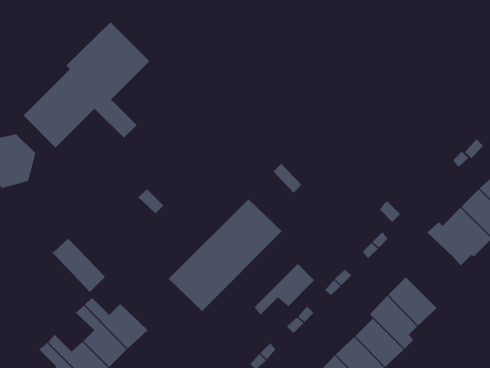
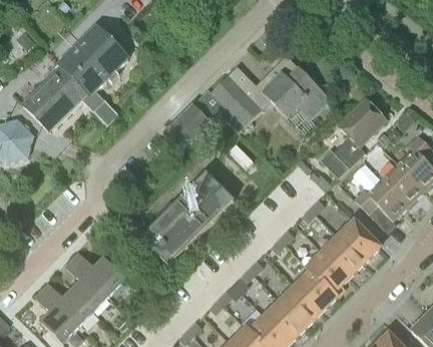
building: none -> [164,54,330,150]
building: none -> [319,98,385,178]
building: [47,238,106,293] -> none
building: none -> [337,220,379,262]
building: [254,263,315,315] -> none

